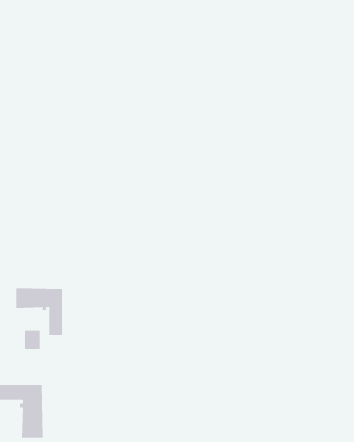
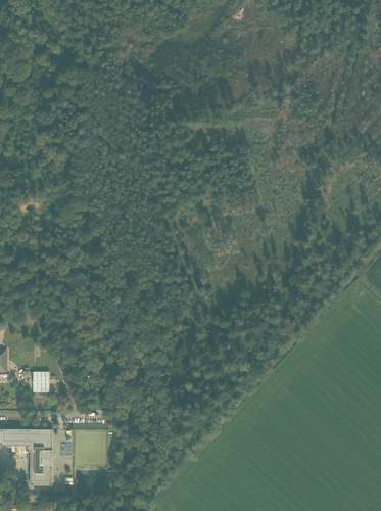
building: [16,288,62,336] -> none

